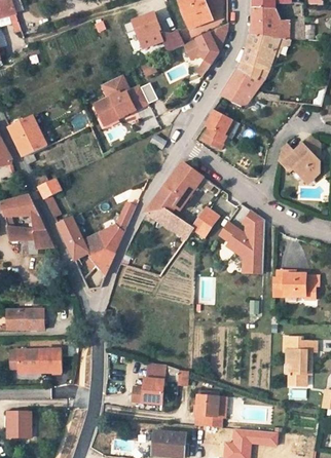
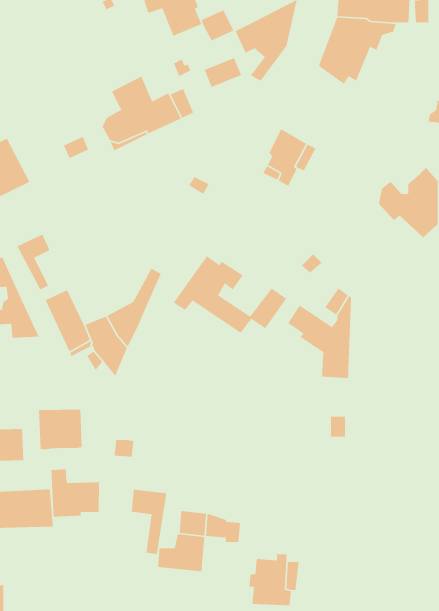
building: [220,68,264,106] -> none
building: [164,168,214,206] -> none
building: [268,277,310,301] -> none
building: none -> [38,409,82,450]
building: none -> [51,468,100,517]
building: [283,337,315,384] -> none
building: none -> [131,489,167,555]

